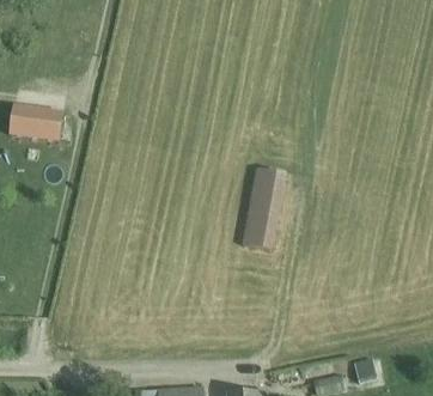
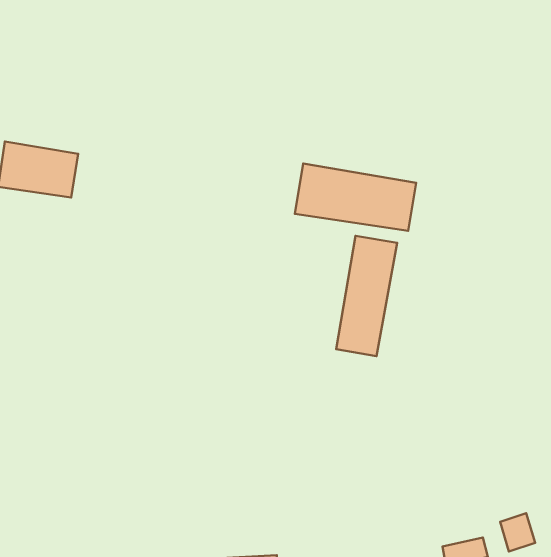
building: none -> [295,164,416,231]

